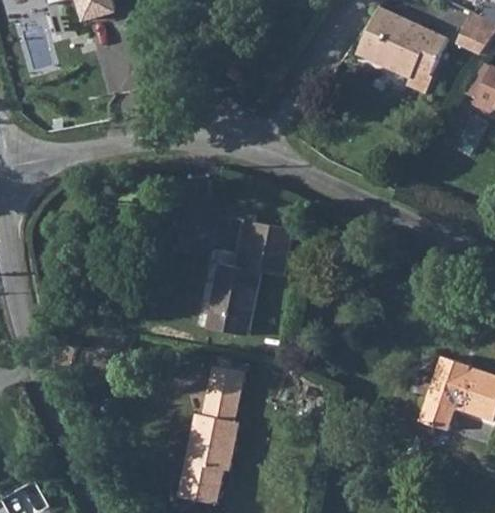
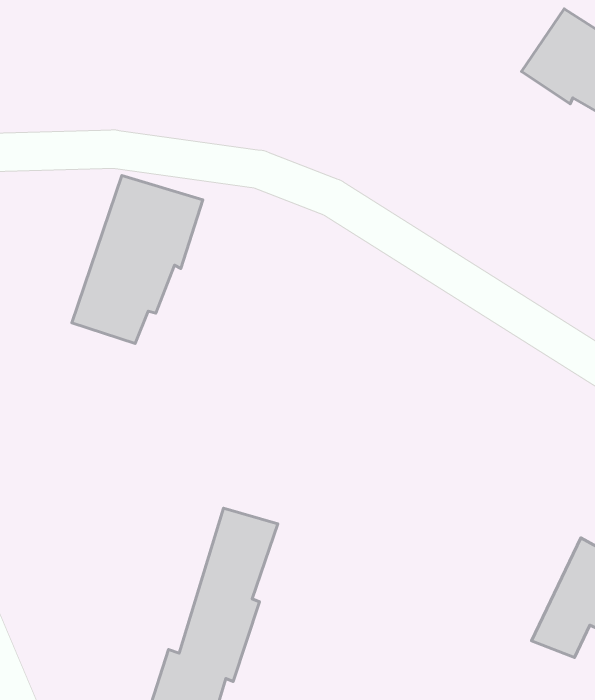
building: none -> [72,175,203,344]
building: [202,215,282,329] -> none

